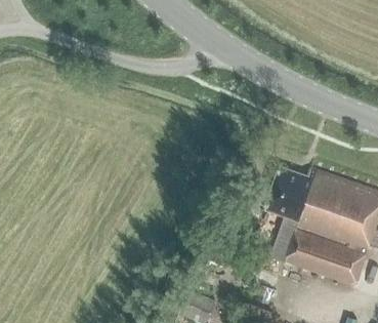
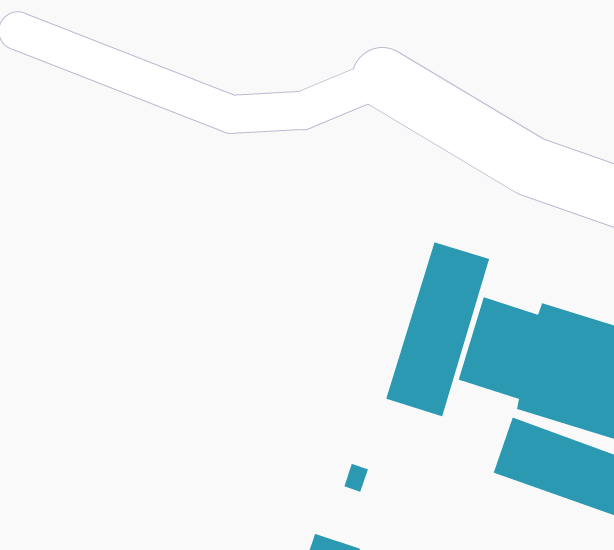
building: none -> [385,242,490,417]

